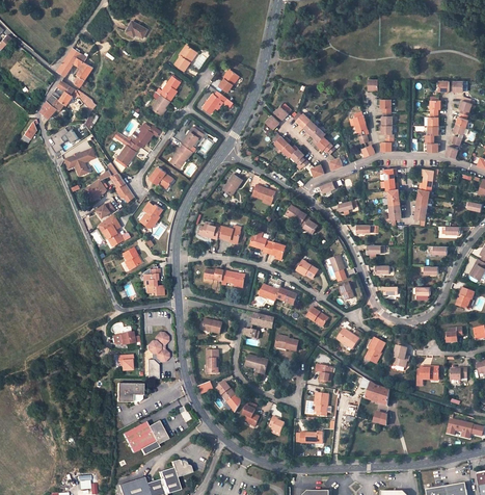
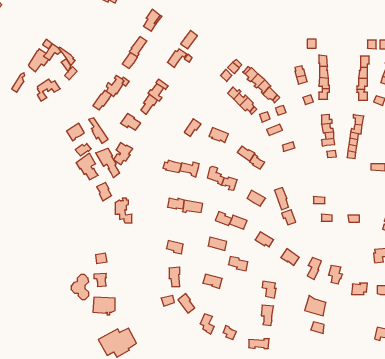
building: [57,48,92,88] -> none
building: [64,147,95,175] -> none
building: none -> [96,148,120,178]
building: [147,333,168,362] -> [71,275,89,299]

